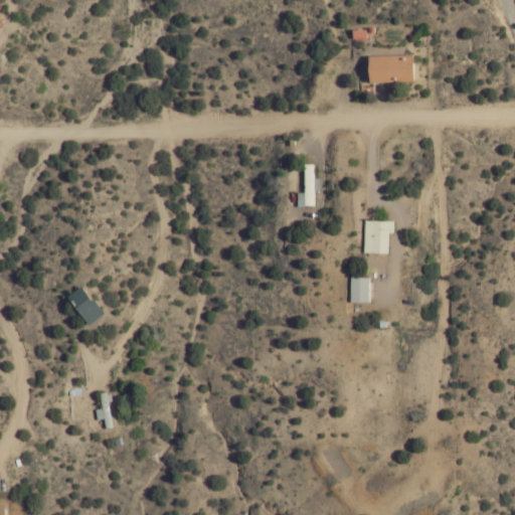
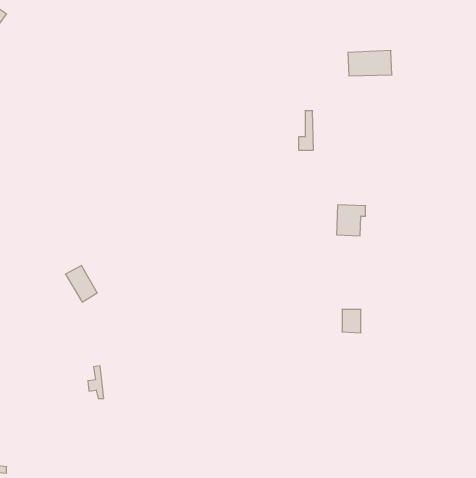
building: [297,164,313,206] -> [299,111,313,150]
building: [349,278,369,303] -> [342,309,361,333]

